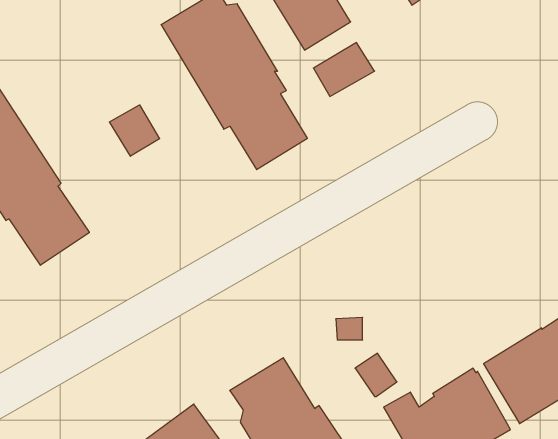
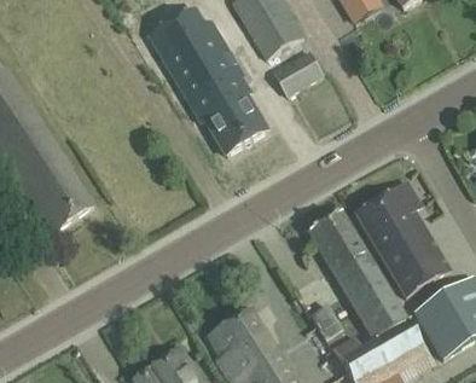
building: [109,105,160,156] -> none
building: none -> [353,181,448,296]
building: none -> [307,211,402,336]

